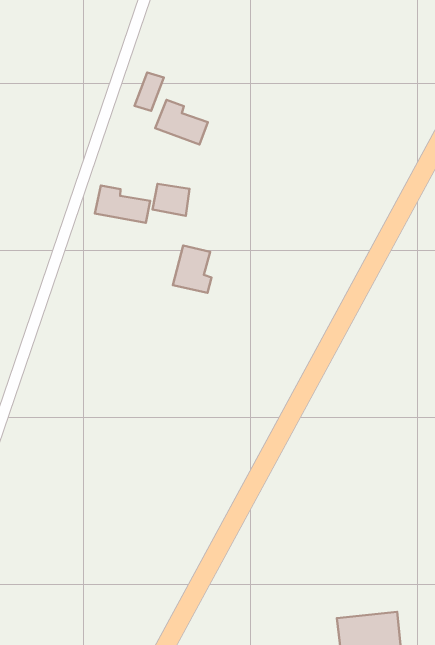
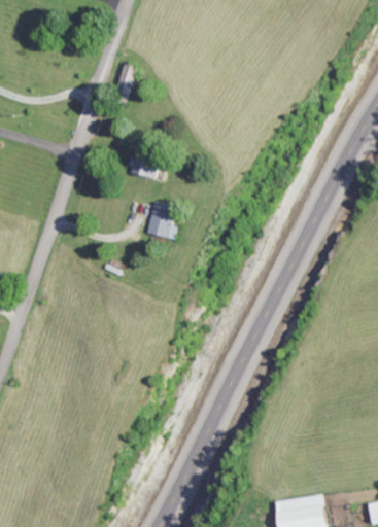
building: [155,100,208,144] -> none
building: [95,186,150,223] -> none

